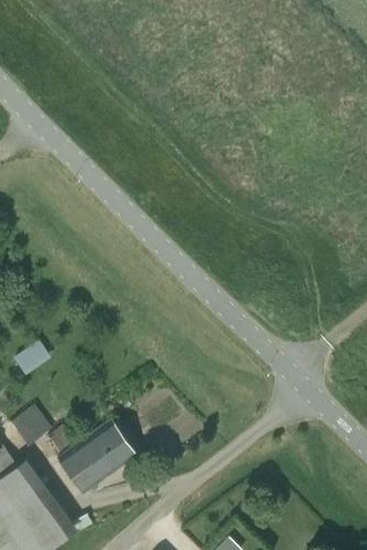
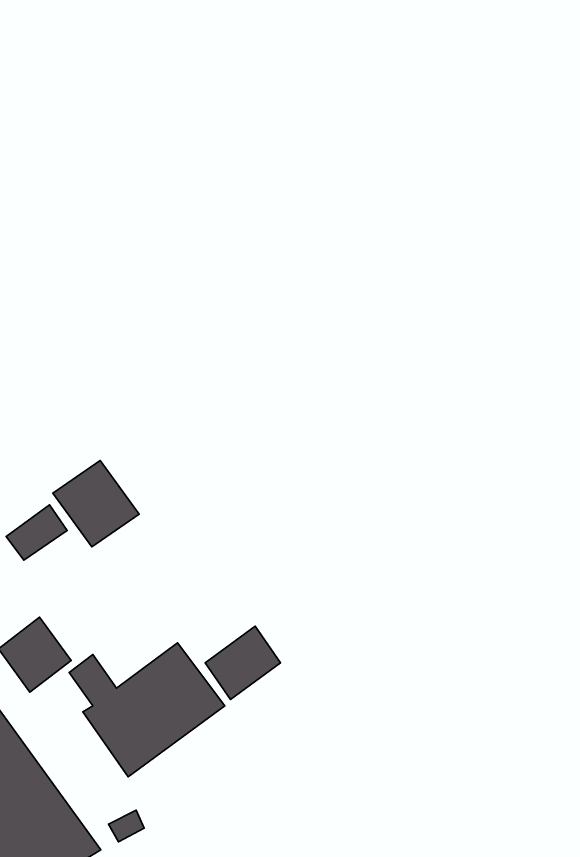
building: none -> [53,461,139,547]
building: none -> [205,626,281,700]

